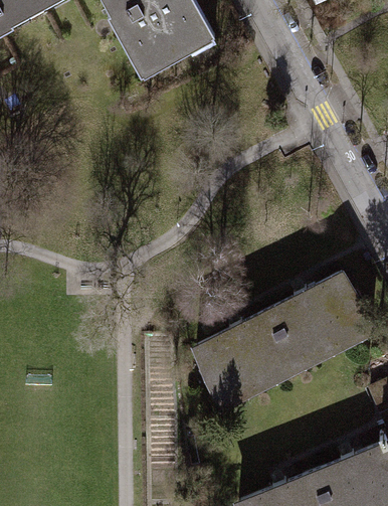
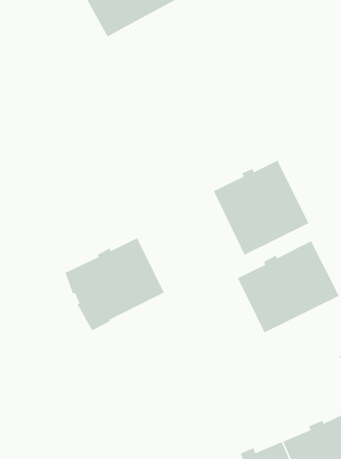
building: none -> [213,159,310,256]
building: [195,311,295,404] -> [64,237,165,331]

